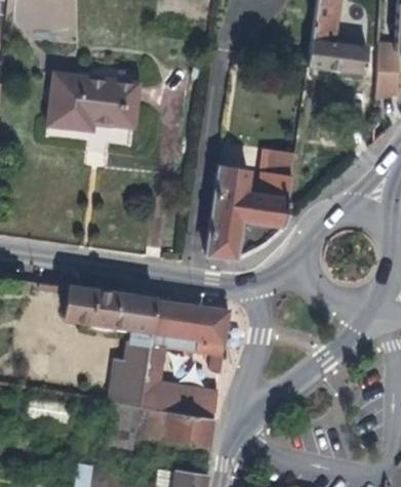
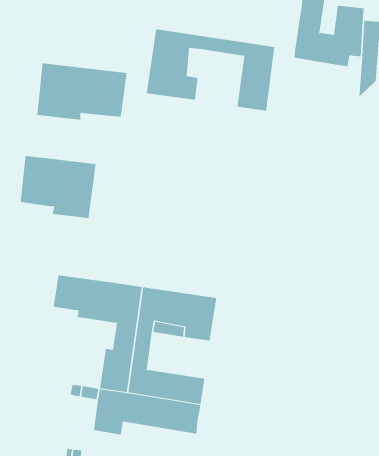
building: none -> [146,28,275,111]
building: [205,151,295,259] -> none
building: none -> [20,155,96,219]

